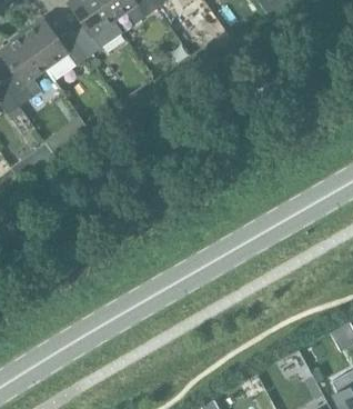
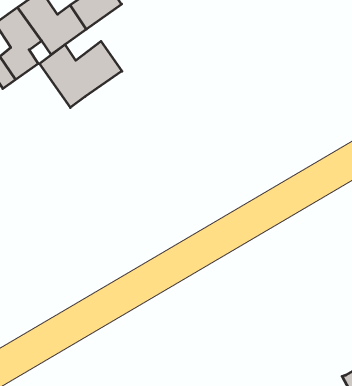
building: none -> [39,41,122,108]

